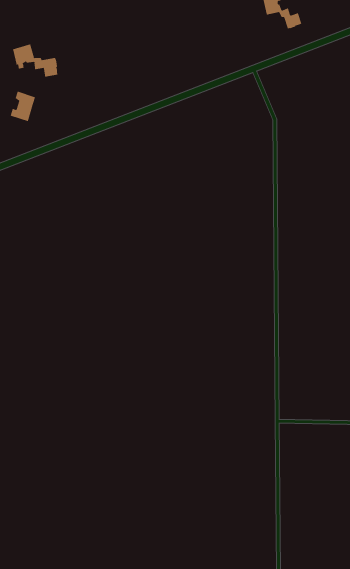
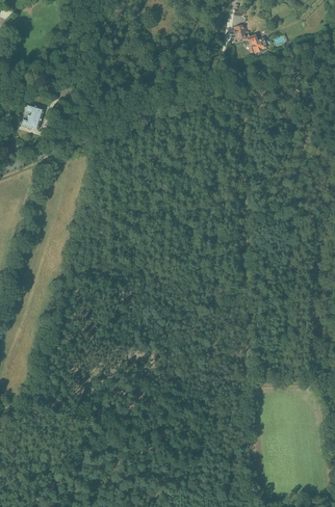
building: [13,43,58,77] -> none

